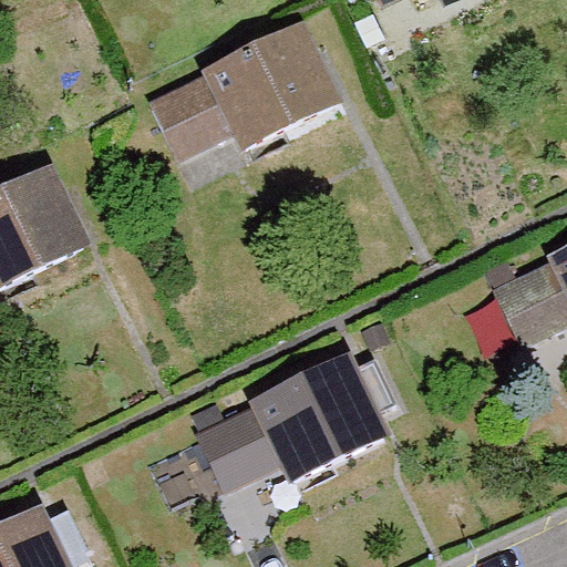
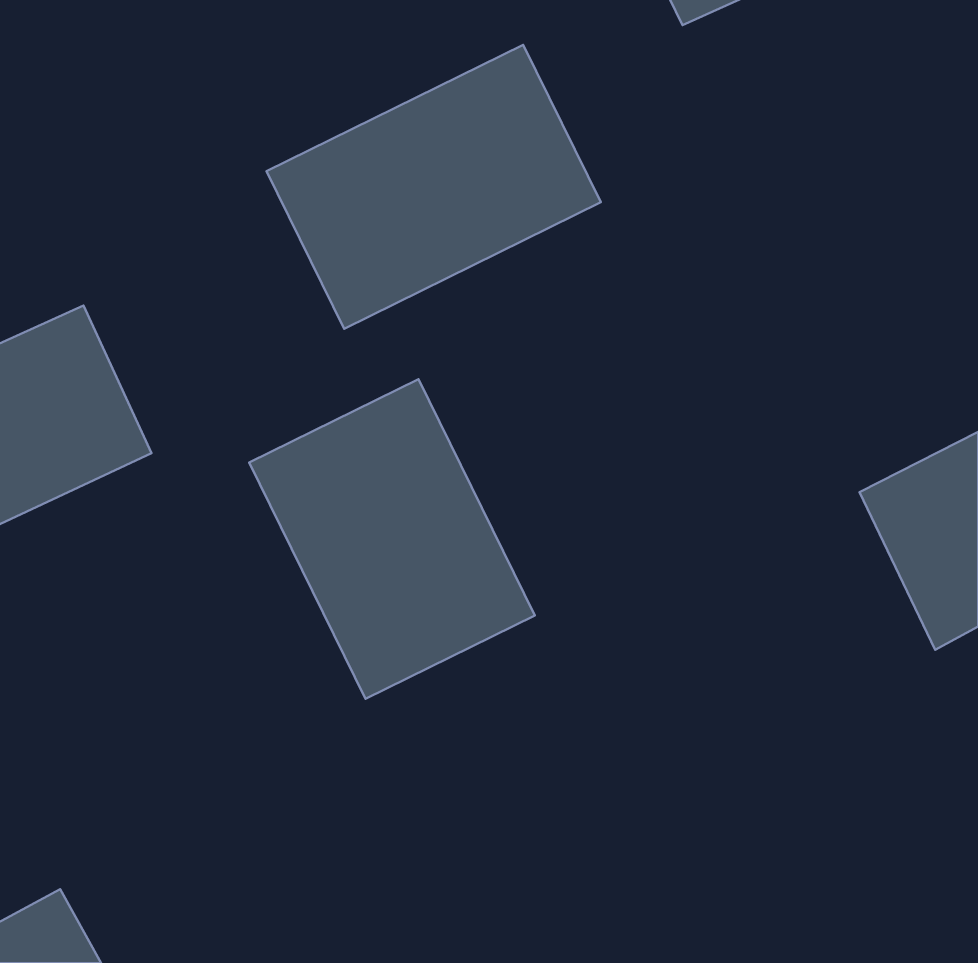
building: none -> [249,379,535,699]
building: [192,349,393,517] -> none

